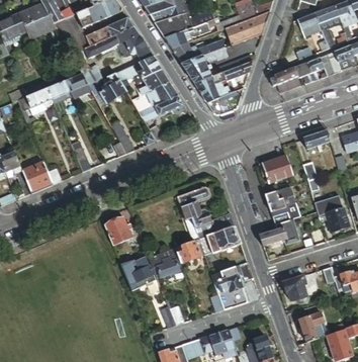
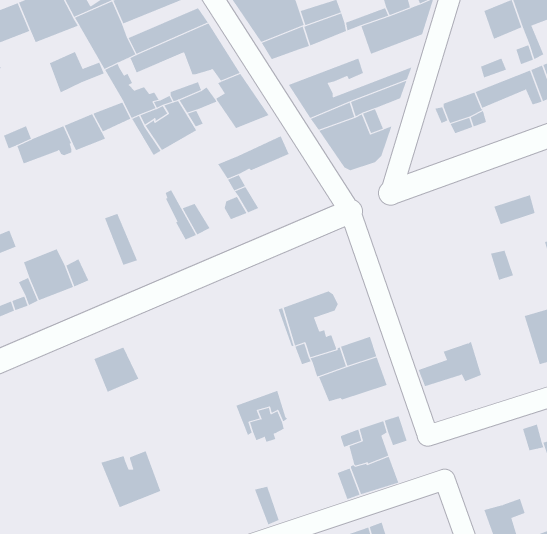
building: [171,40,223,63] -> none
building: none -> [49,51,105,93]
building: [146,81,177,105] -> none
building: [260,154,292,180] -> none
building: [265,185,294,222] -> none
building: [105,216,132,244] -> [94,347,139,392]
building: [175,238,205,262] -> none
building: [120,255,157,289] -> [101,451,161,508]
building: [282,274,307,300] -> none

